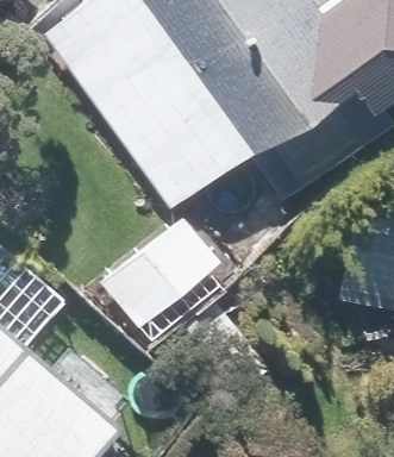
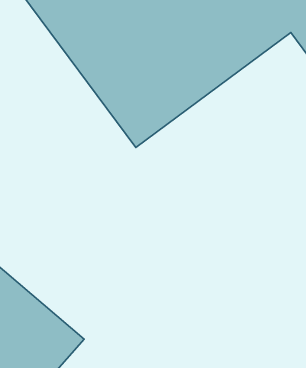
building: [94,218,229,346] -> none

